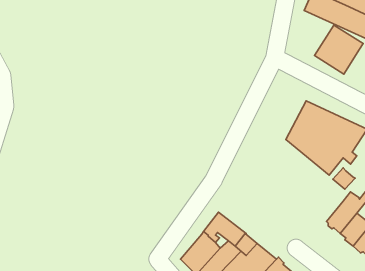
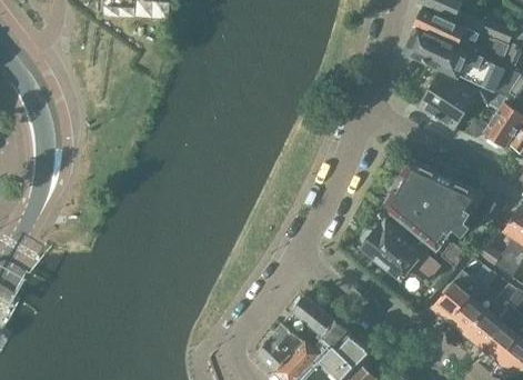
building: none -> [360,221,443,286]

